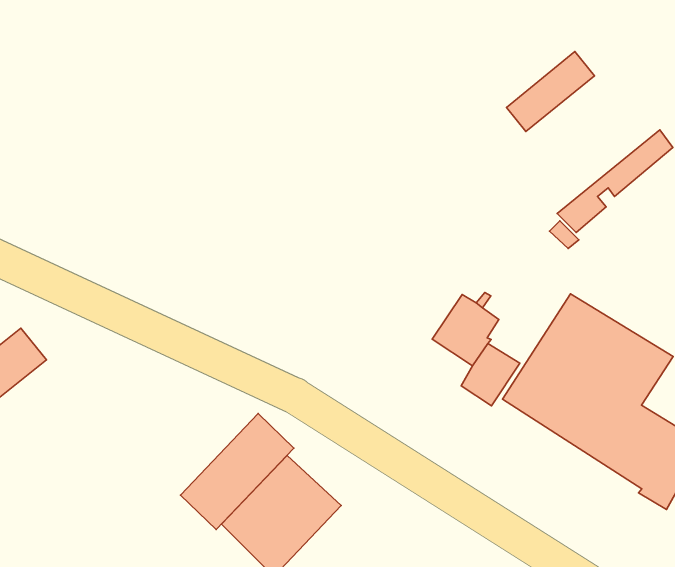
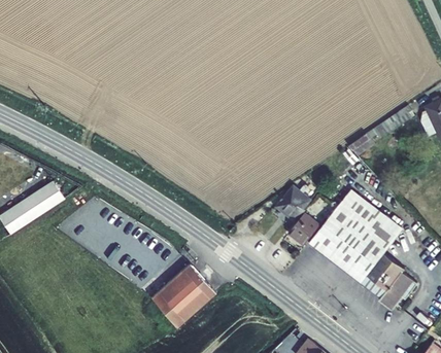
building: [507,52,594,132] -> none
building: [181,414,294,530] -> none

